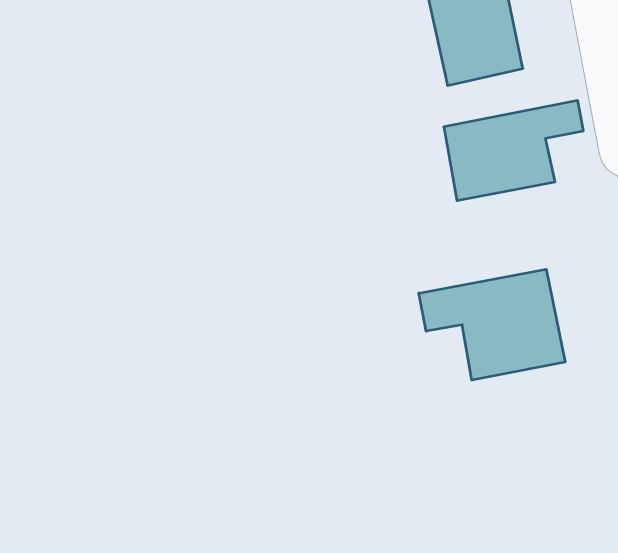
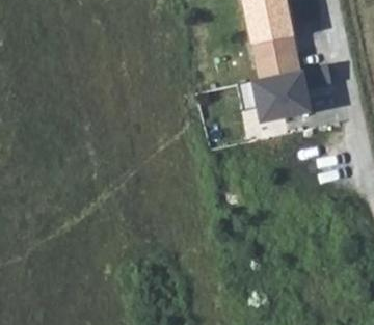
building: [419,269,565,380] -> none

